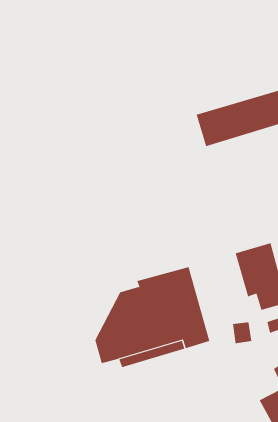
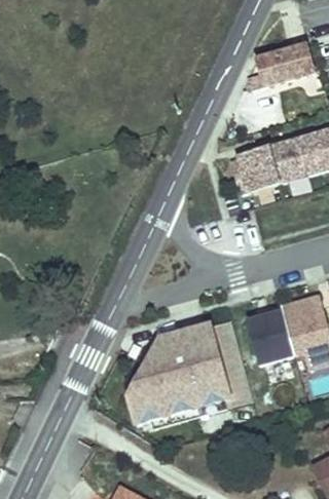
building: none -> [250,46,316,87]
building: none -> [246,306,291,363]

